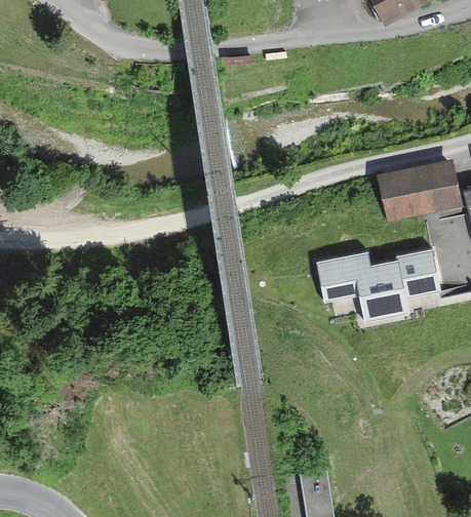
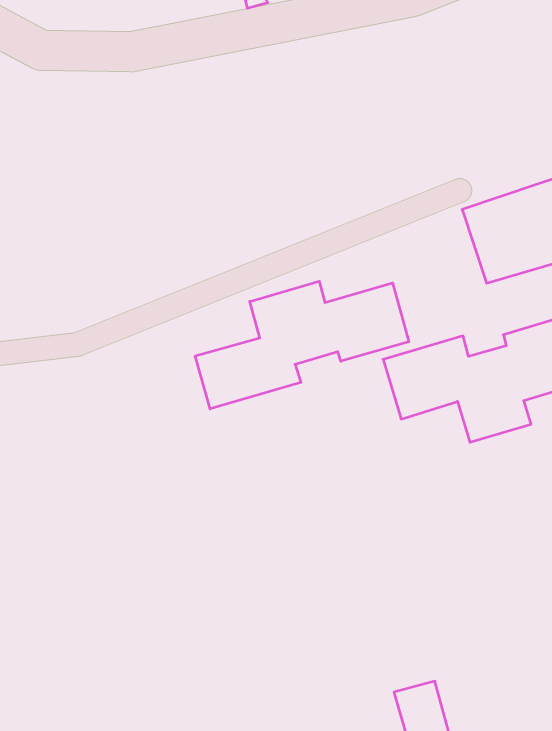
building: none -> [195,281,409,409]

